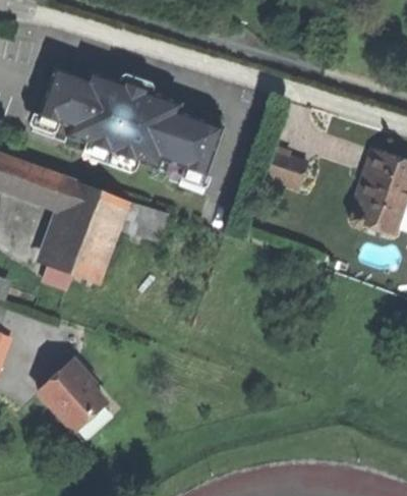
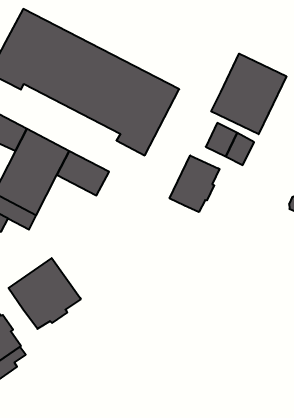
building: none -> [211,54,286,134]
building: none -> [170,155,220,212]
building: none -> [9,258,81,329]

